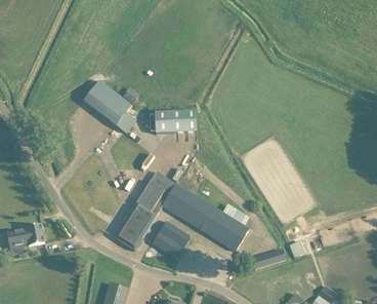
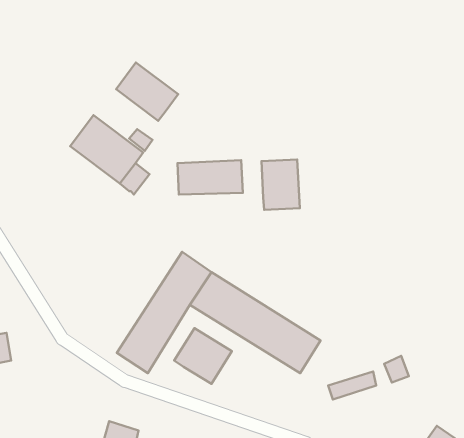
building: none -> [116,63,178,121]
building: none -> [262,160,300,210]

